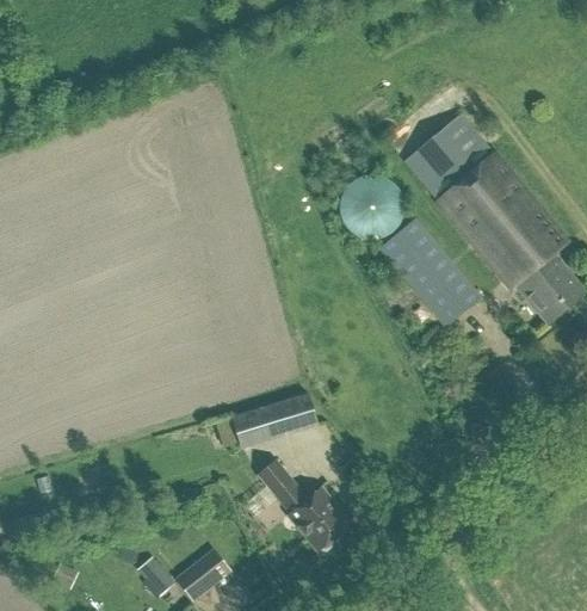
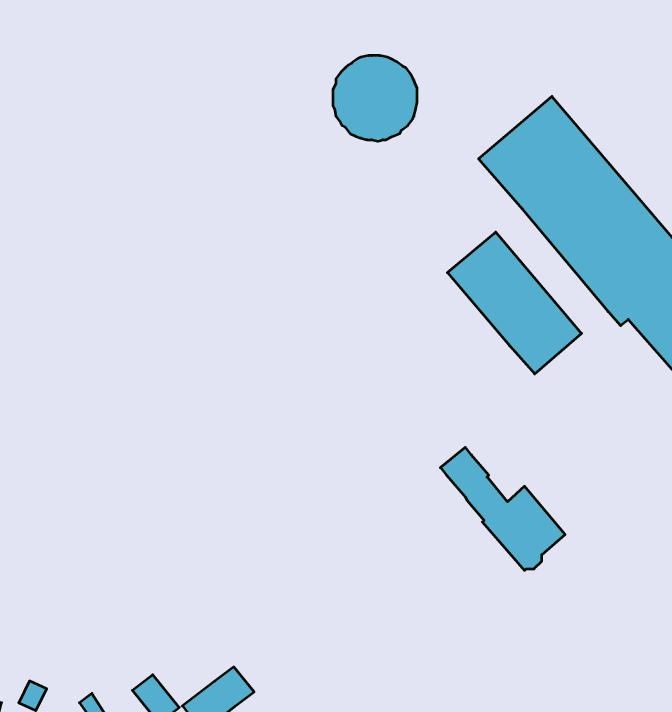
building: [339,174,403,240] -> [333,56,417,141]
building: [233,394,319,448] -> none
building: [257,457,352,551] -> [440,447,565,570]

